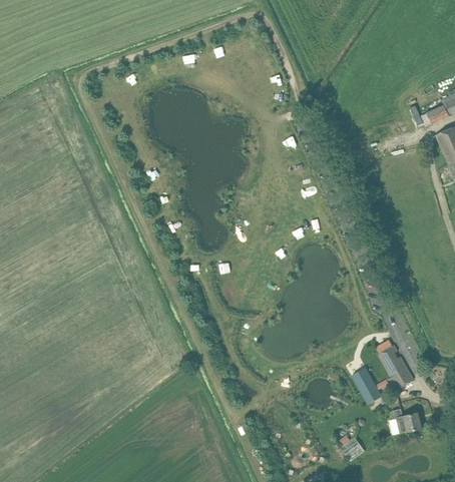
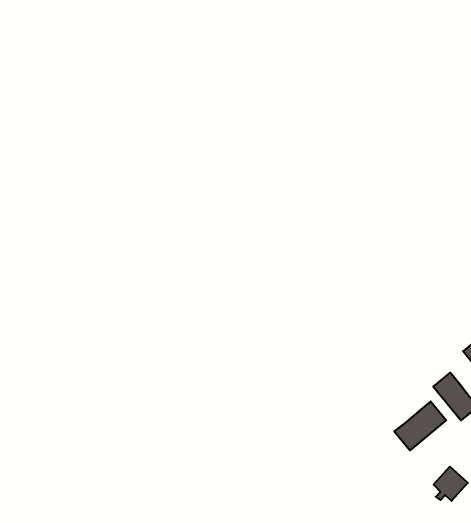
building: none -> [394,401,446,450]

